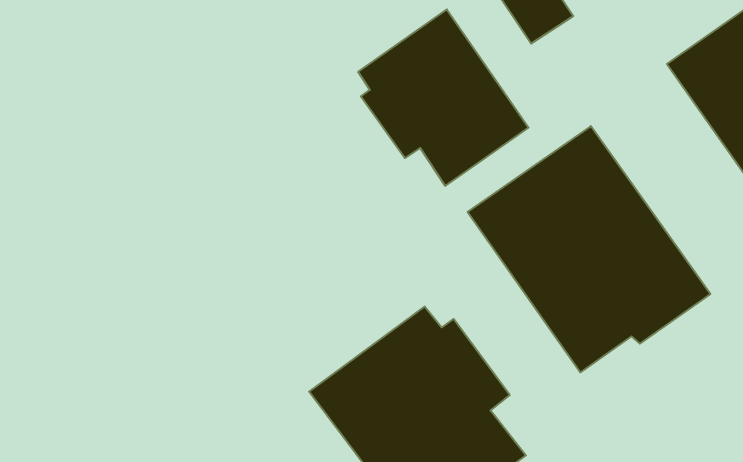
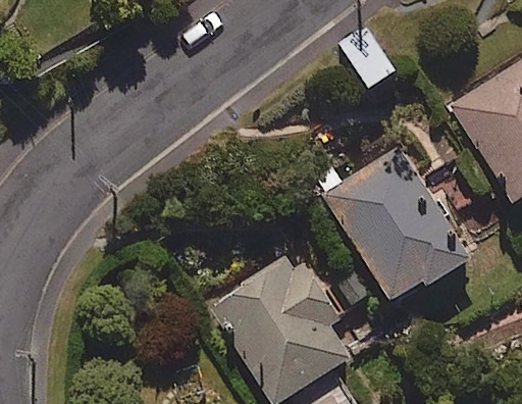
building: [358,9,529,186] -> none

